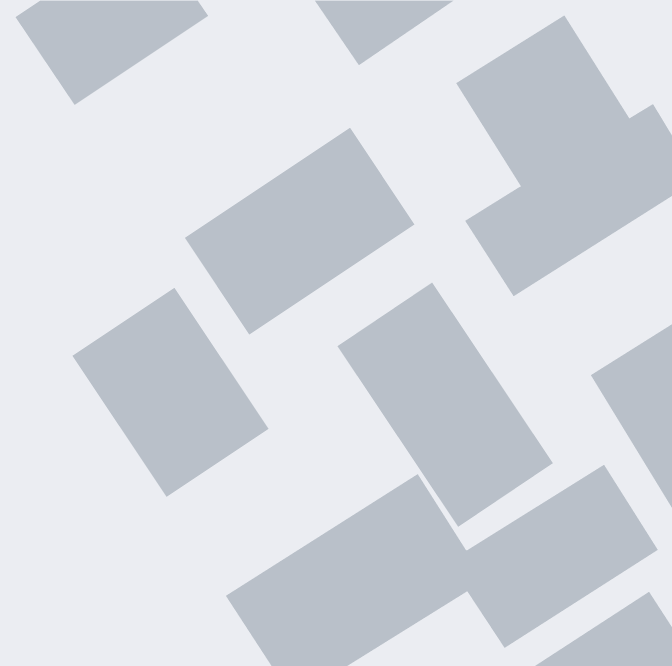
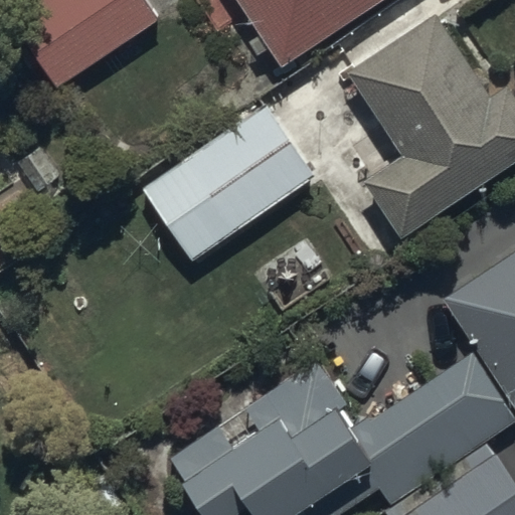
building: [337,282,554,528] -> none
building: [72,287,269,498] -> none

